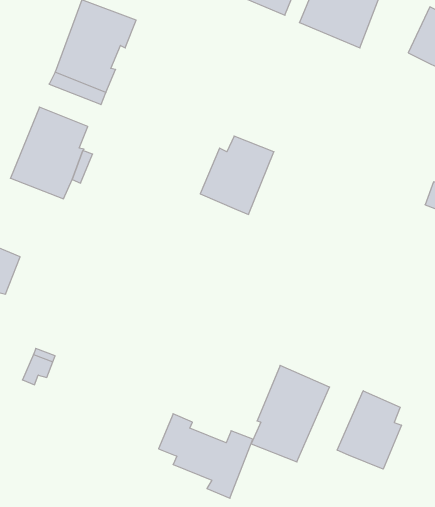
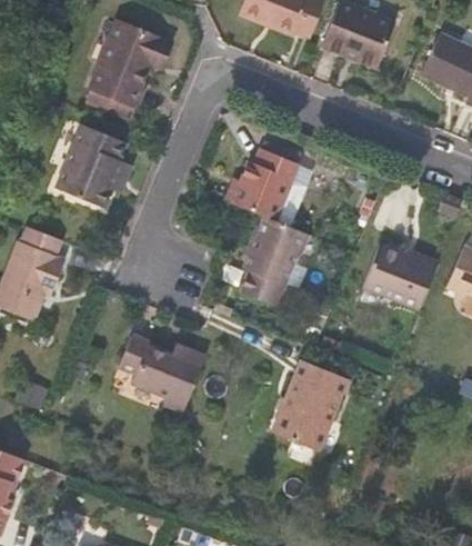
building: none -> [241,216,308,305]
building: none -> [361,246,436,311]
building: [337,391,401,469] -> none
building: [159,414,253,498] -> [119,331,205,409]

